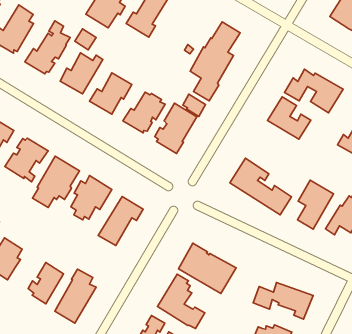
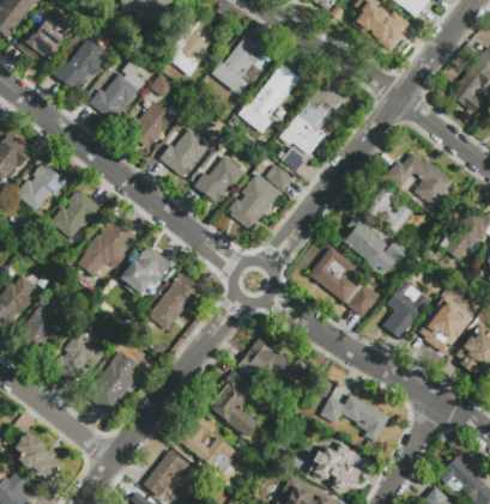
building: none -> [237,65,300,134]
building: none -> [340,215,409,273]

